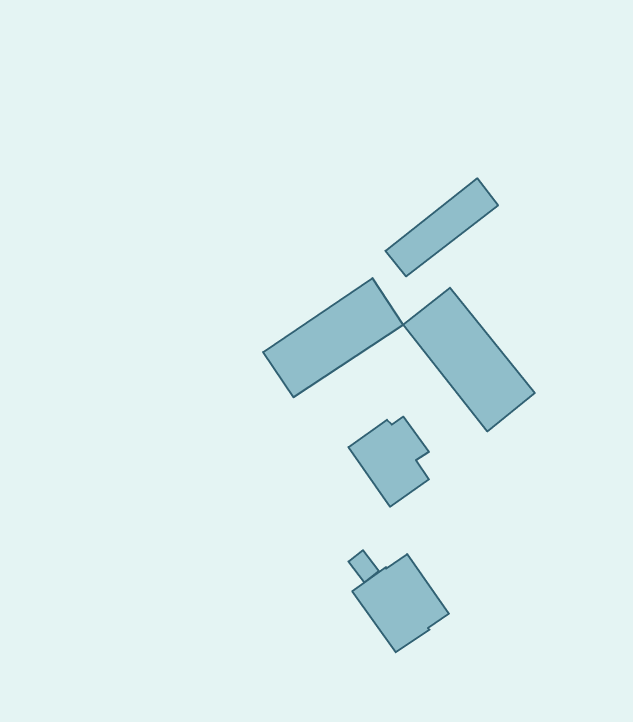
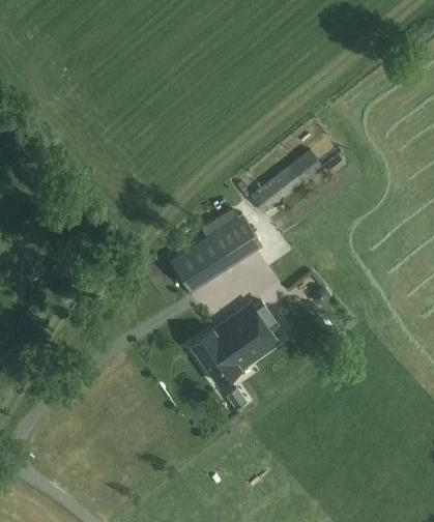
building: [403,288,535,431] -> none
building: [352,554,449,652] -> [191,323,253,386]

